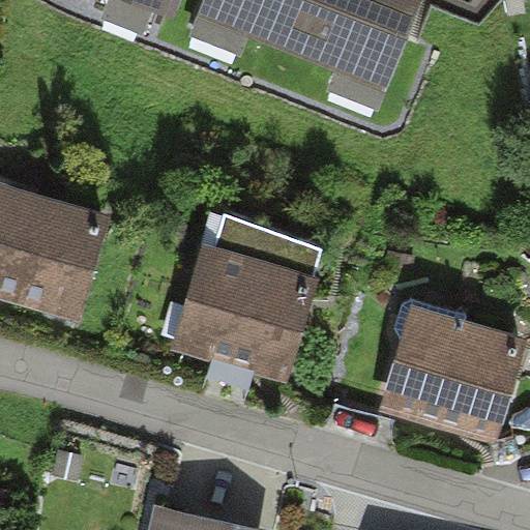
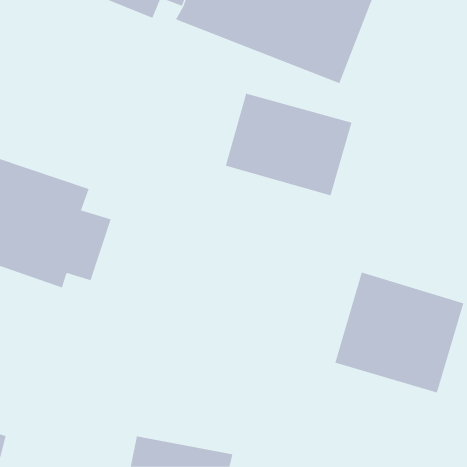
building: none -> [225,93,352,196]
building: [173,215,322,379] -> none

